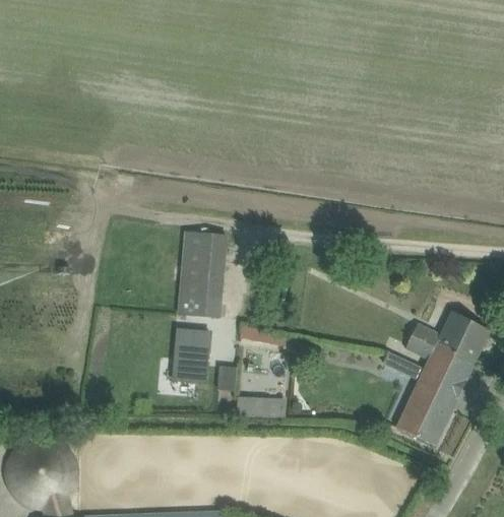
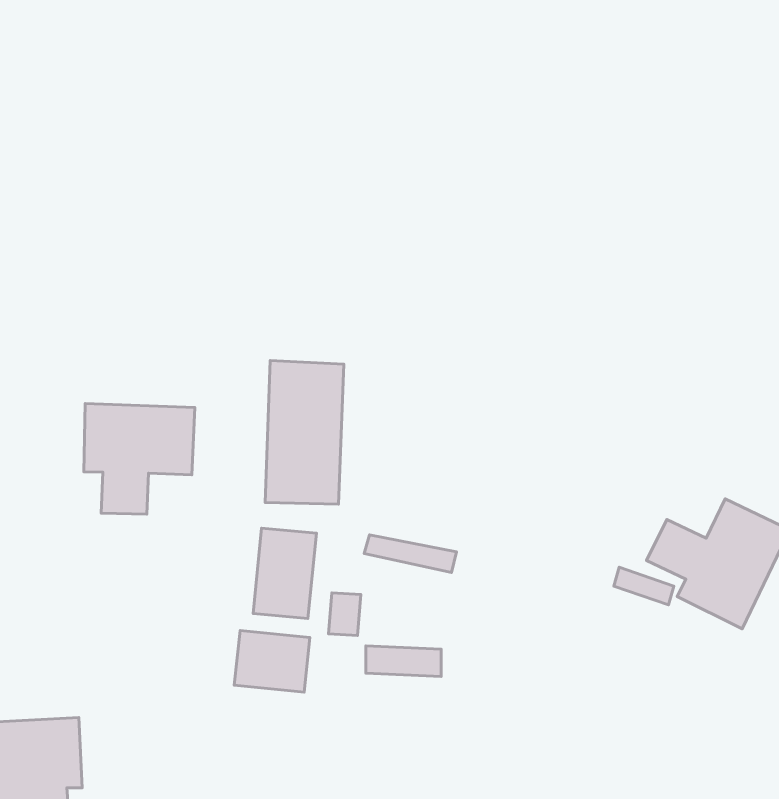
building: none -> [84,403,195,514]
building: [395,369,462,445] -> none
building: none -> [234,631,310,692]

